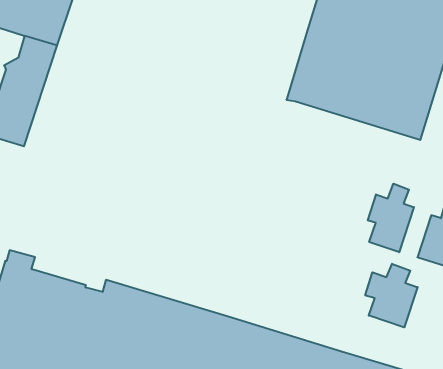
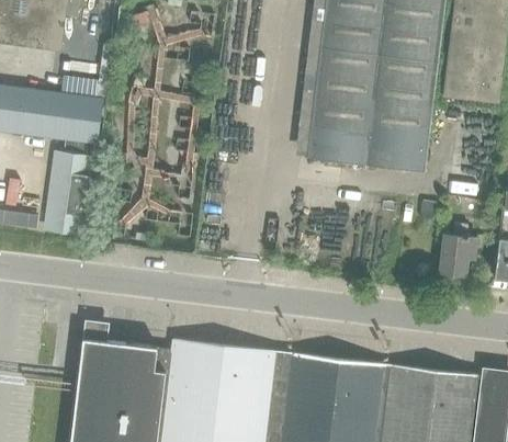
building: [368,184,414,252] -> none
building: [365,264,418,327] -> none

